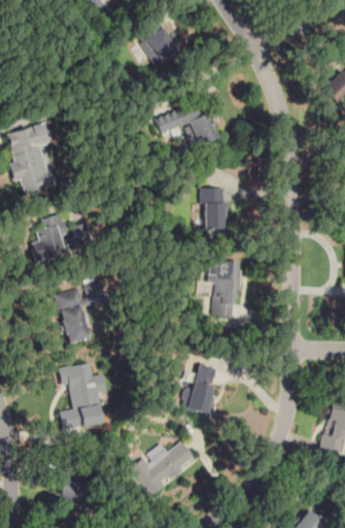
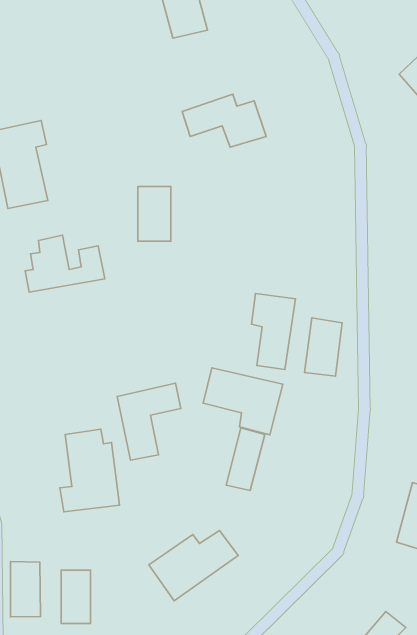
building: [199,187,225,229] -> [138,187,171,241]
building: none -> [304,318,342,376]
building: [58,283,107,342] -> [117,383,181,460]
building: none -> [203,368,283,435]
building: none -> [11,561,40,617]

